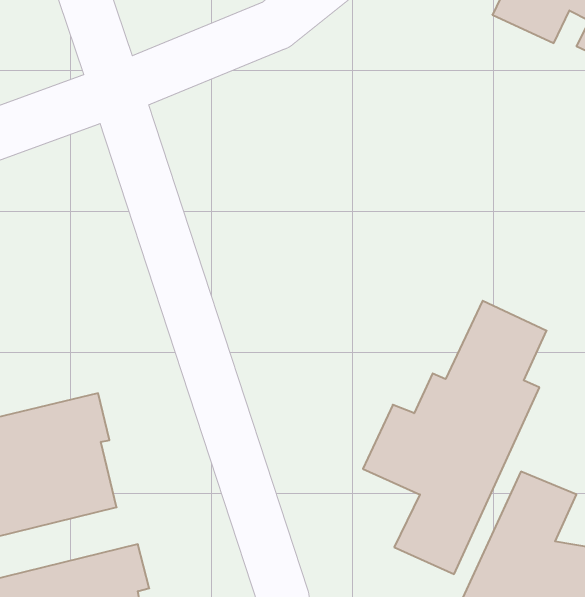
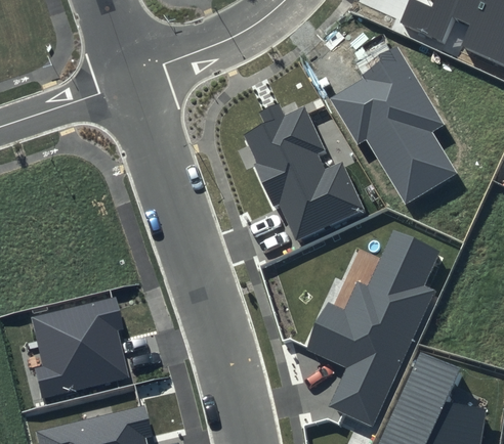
building: none -> [330,47,457,204]
building: none -> [245,103,366,246]

